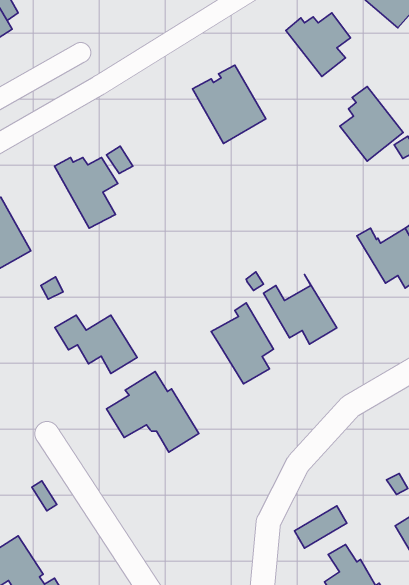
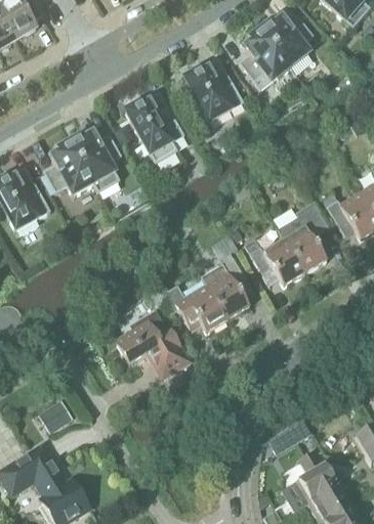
building: [340,86,403,161] -> [239,29,291,90]
building: none -> [126,91,185,164]
building: none -> [44,140,99,194]
building: none -> [277,203,329,273]
building: [55,315,137,374] -> [159,285,226,333]

